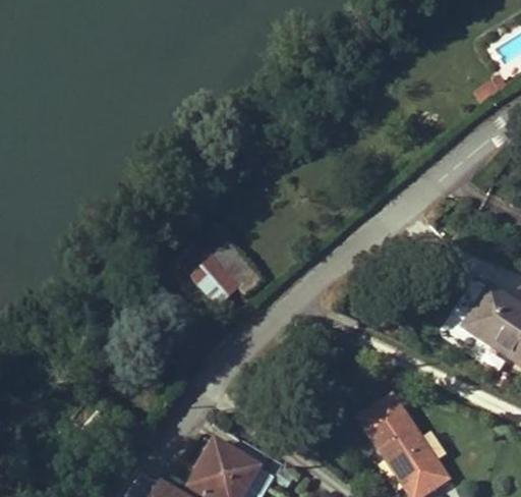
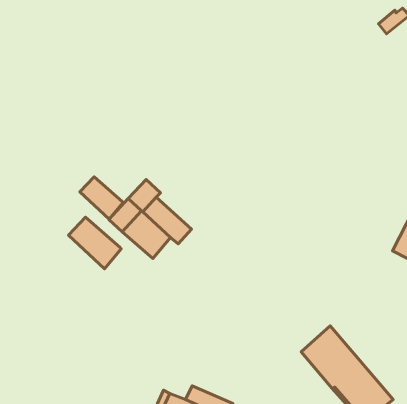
building: none -> [80,177,123,219]
building: none -> [68,217,121,269]

